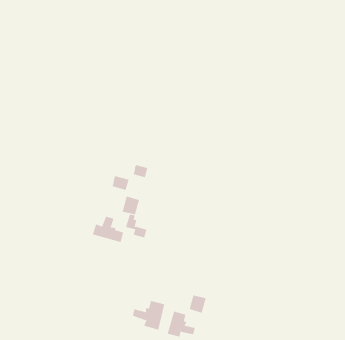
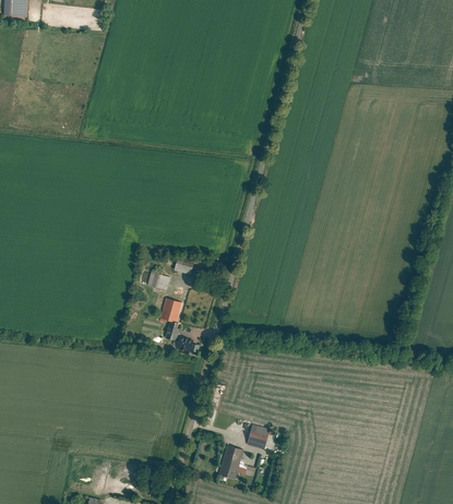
building: [92,216,124,243] -> none
building: [132,300,165,331] -> none

